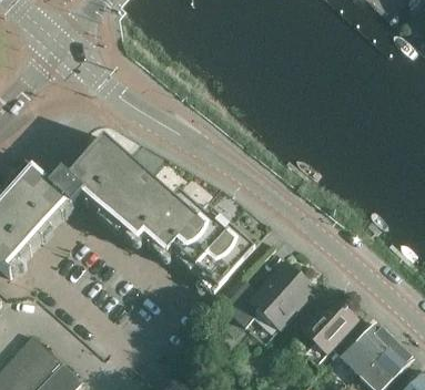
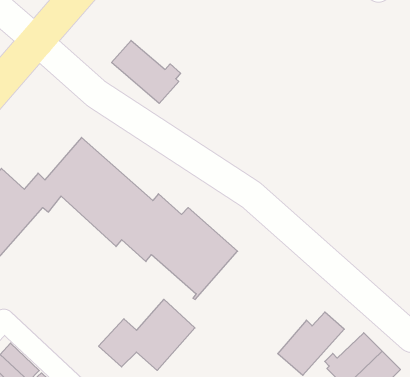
building: none -> [112,40,181,103]
building: [222,261,315,330] -> [99,299,195,370]

